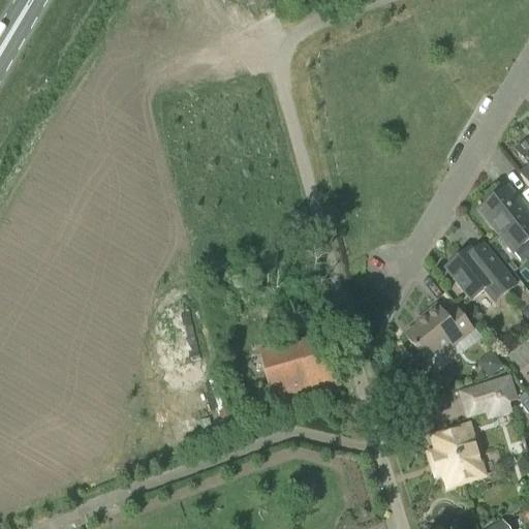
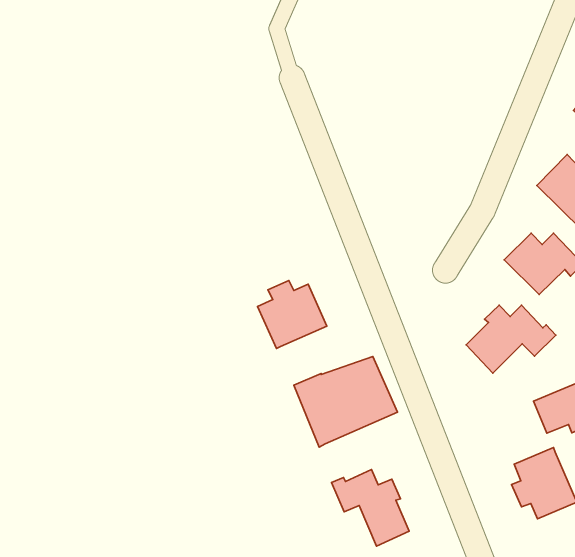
building: none -> [258,281,327,349]
building: none -> [331,469,409,546]

